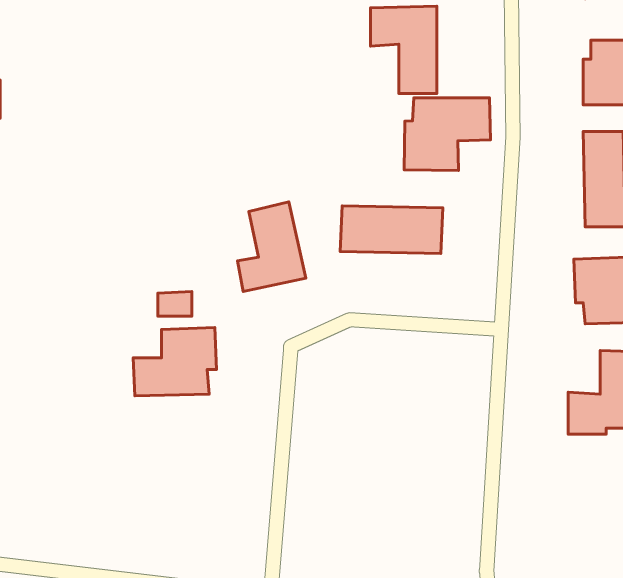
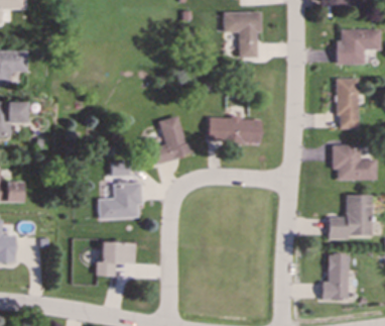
building: [404,98,491,170] -> none
building: none -> [96,241,135,276]
building: none -> [322,252,349,299]

